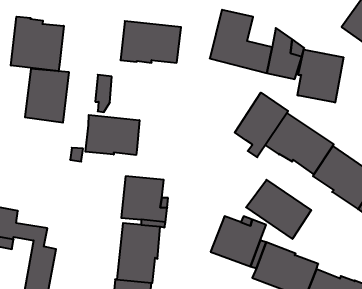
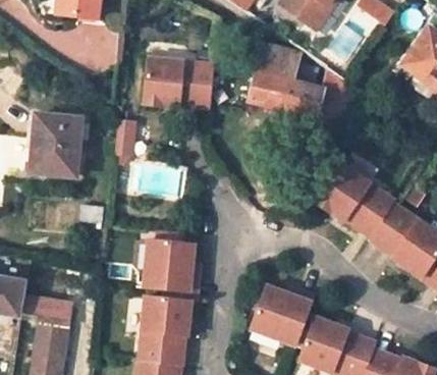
building: [11,17,64,71] -> none
building: [297,49,343,103] -> none
building: [235,93,288,157] -> none
building: [85,115,139,155] -> none
building: [246,180,311,239] -> none

